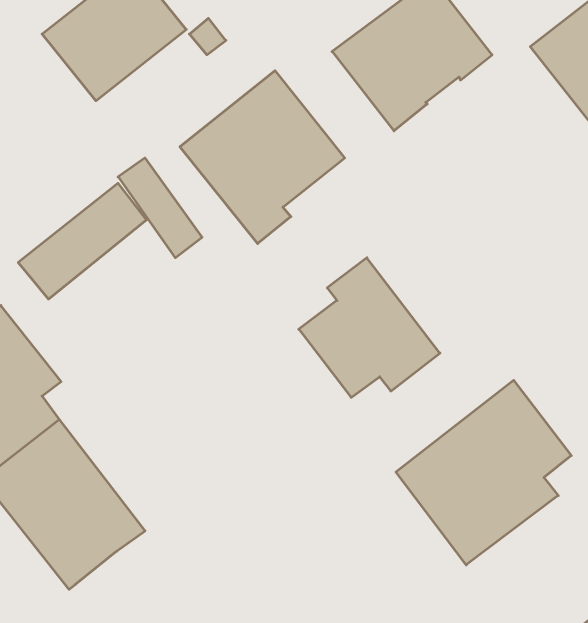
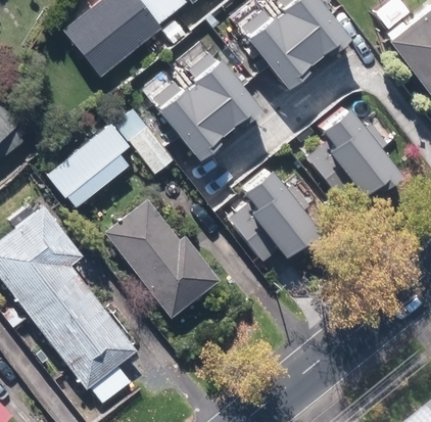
building: none -> [312,113,409,215]
building: none -> [101,196,217,314]
building: [396,380,571,565] -> none

